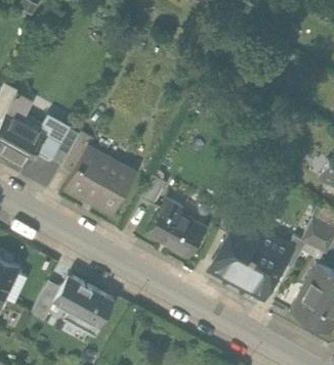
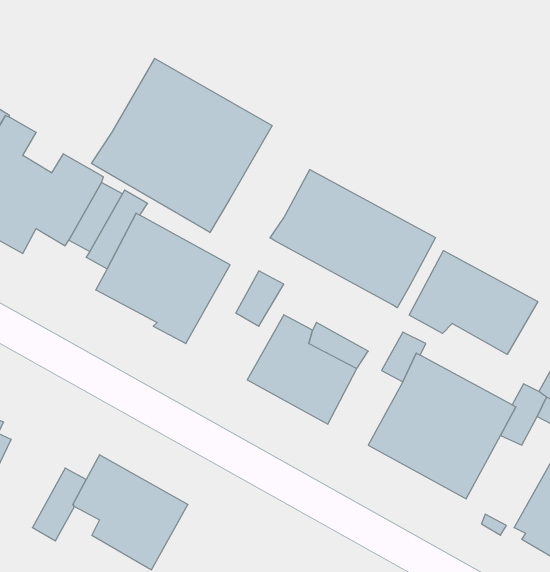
building: none -> [91,58,272,233]
building: none -> [270,170,436,308]
building: none -> [409,251,538,354]

